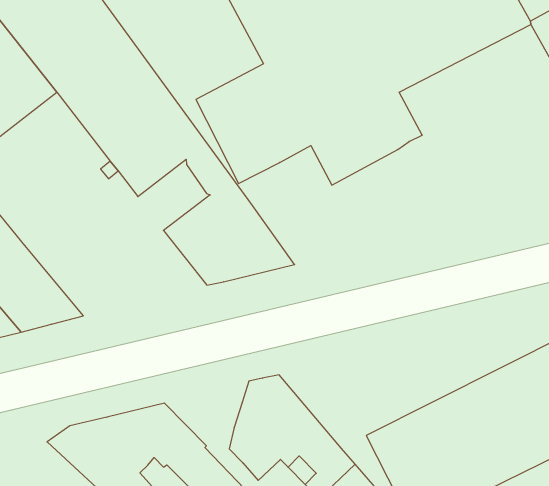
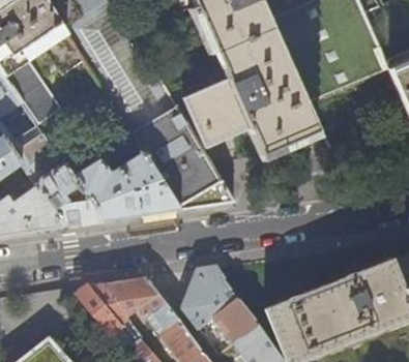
building: none -> [71,148,178,219]

